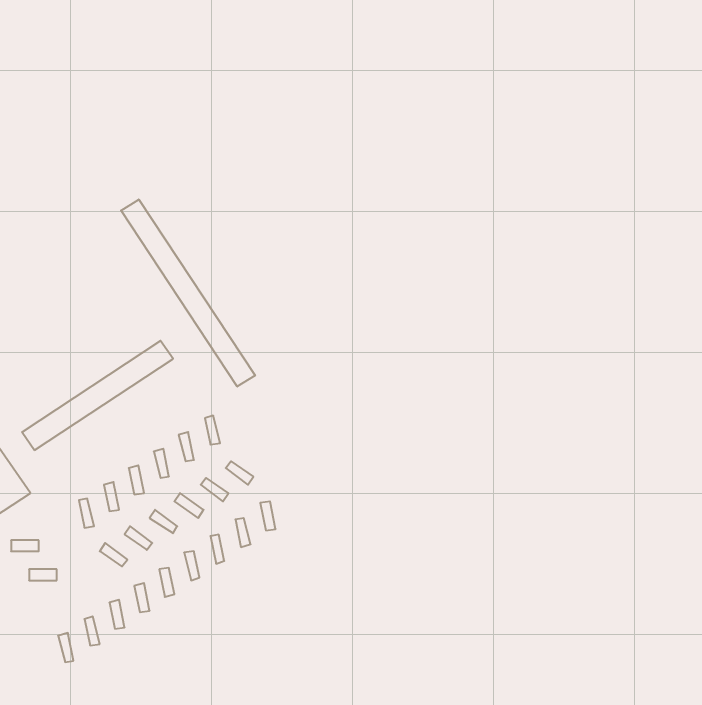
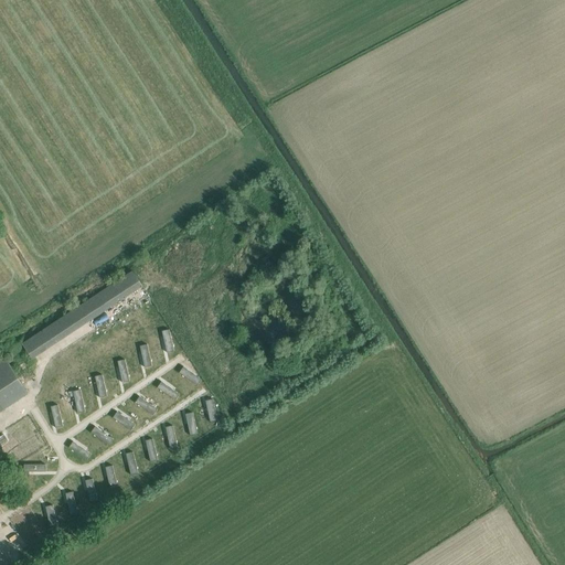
building: [121,199,255,387] -> none

